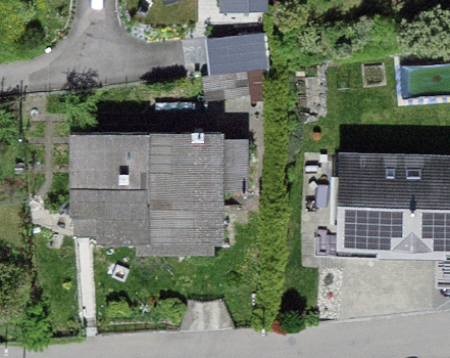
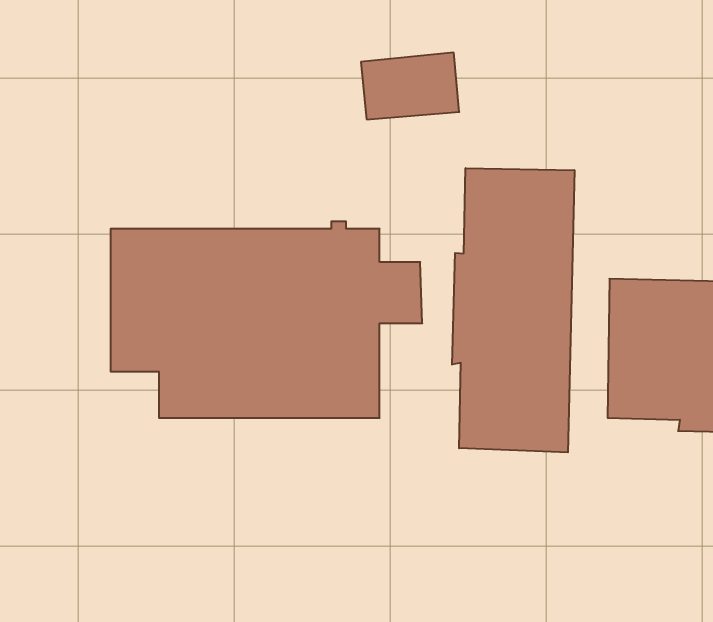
building: none -> [452,168,574,452]

